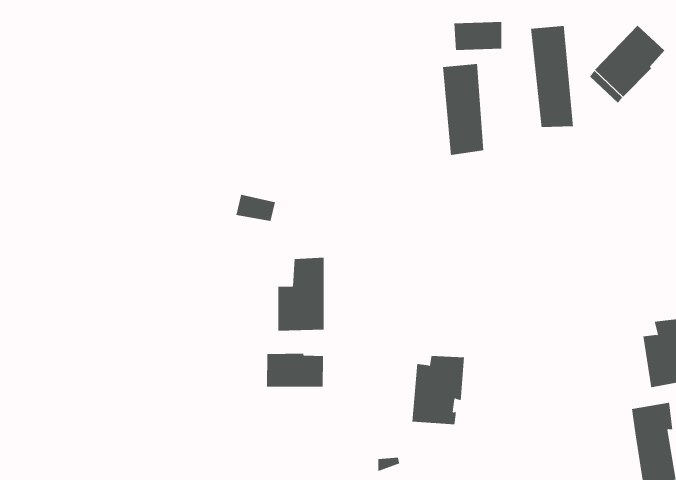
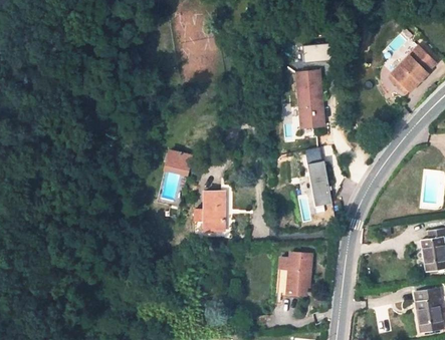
building: [531,25,574,128] -> none
building: none -> [298,160,332,215]
building: [266,353,323,387] -> none

